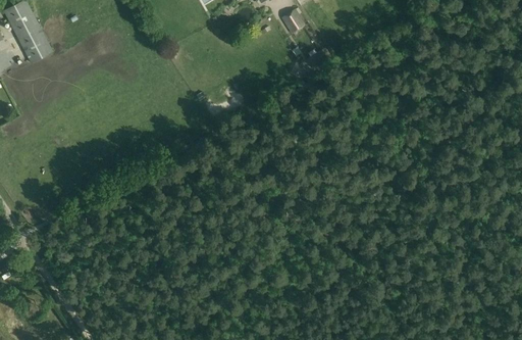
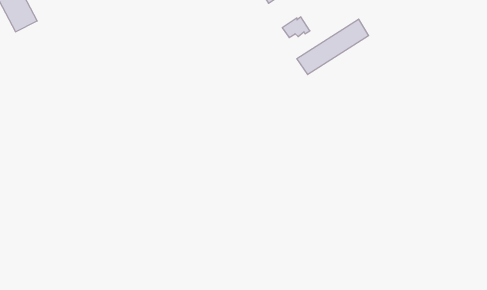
building: none -> [297,19,369,75]

